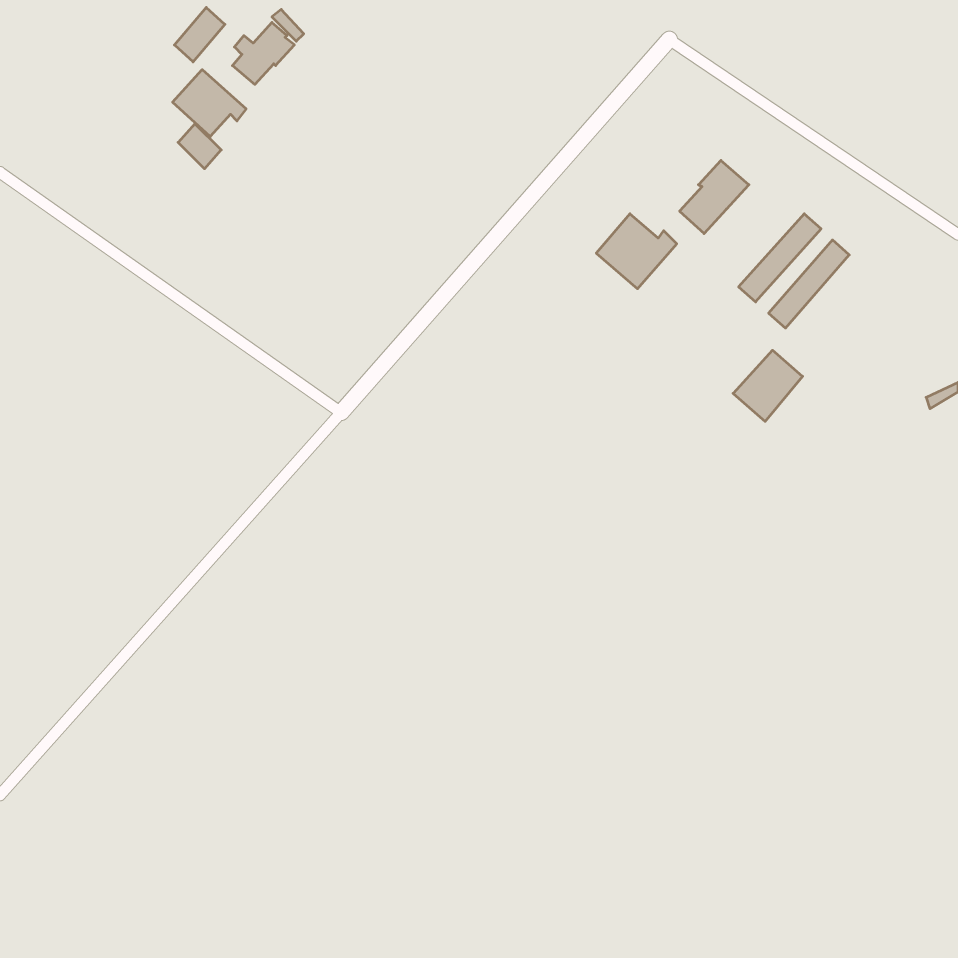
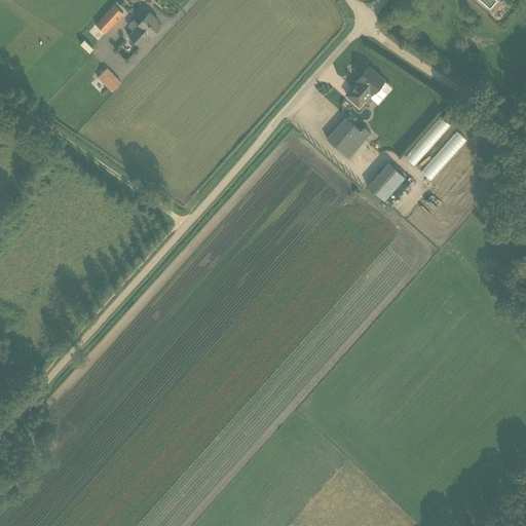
building: [173,70,246,137] -> none
building: [680,160,749,234] -> [346,67,384,107]
building: [733,350,803,421] -> [367,162,405,201]

